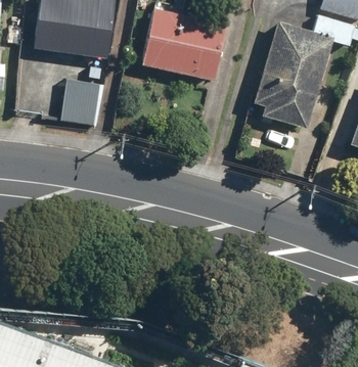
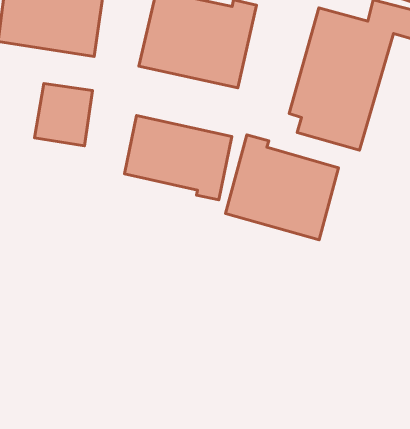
building: none -> [125,116,232,200]
building: none -> [225,135,339,240]

